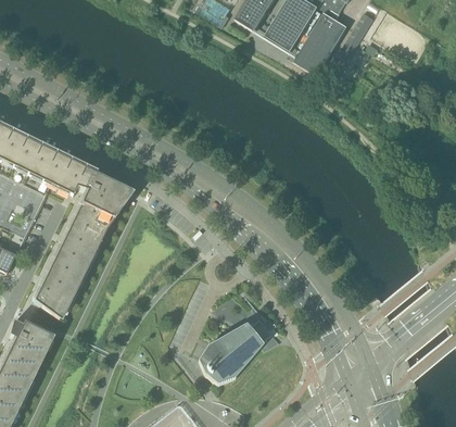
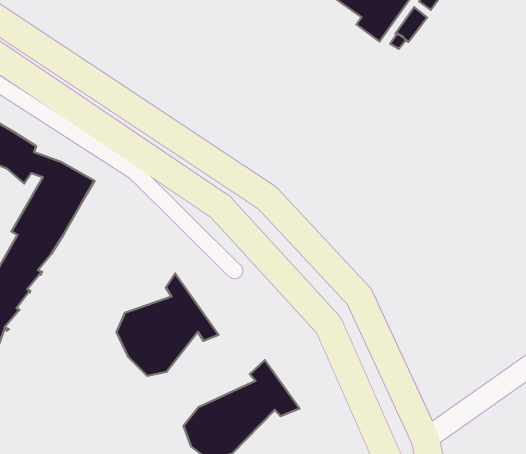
building: none -> [117,274,219,376]

